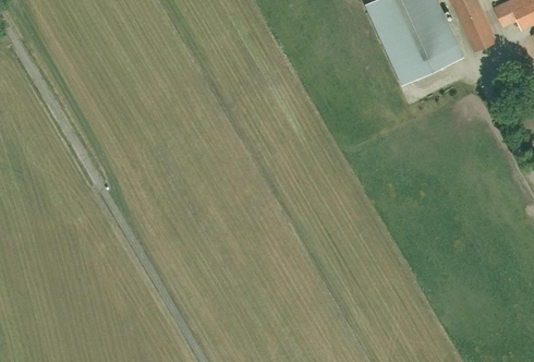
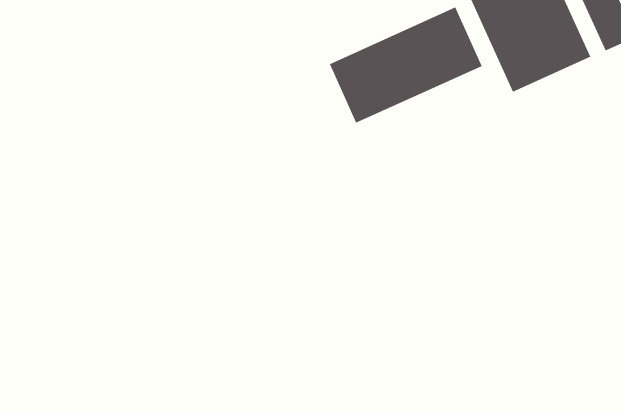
building: none -> [329,7,482,124]

